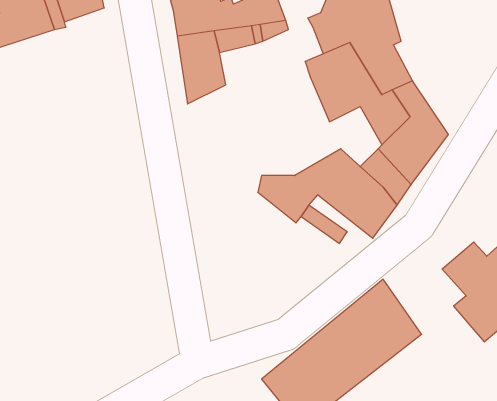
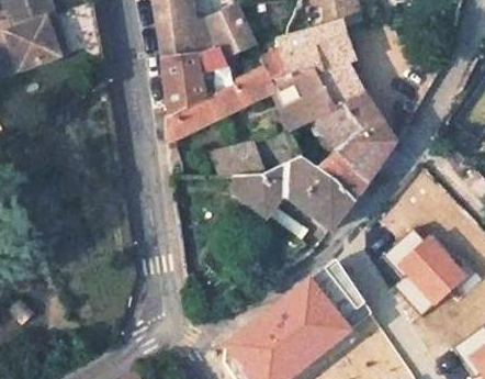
building: none -> [165,48,286,140]
building: none -> [214,144,262,176]

